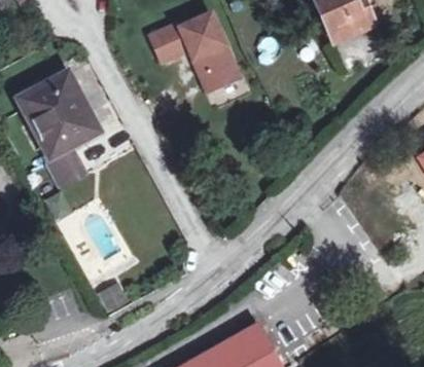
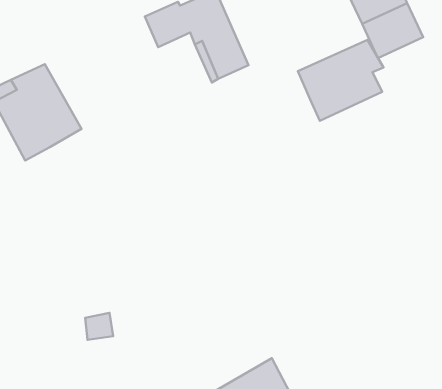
building: none -> [298,40,383,121]
building: [43,142,84,183] -> none

